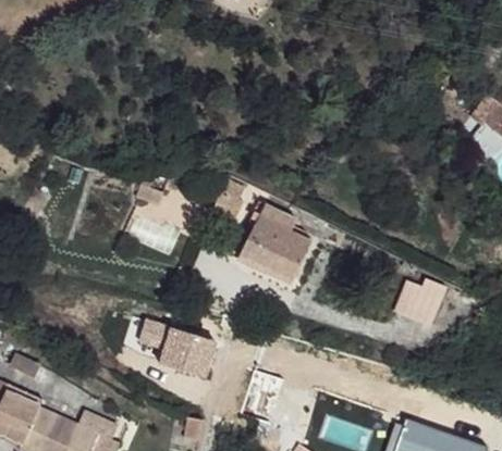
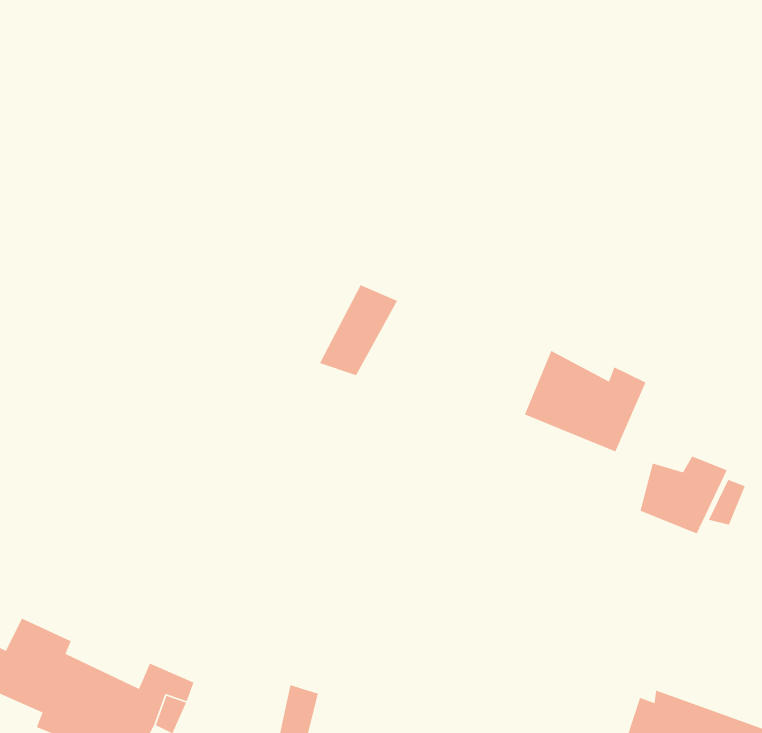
building: [244,223,318,285] -> [524,350,646,453]
building: [134,321,215,381] -> none

